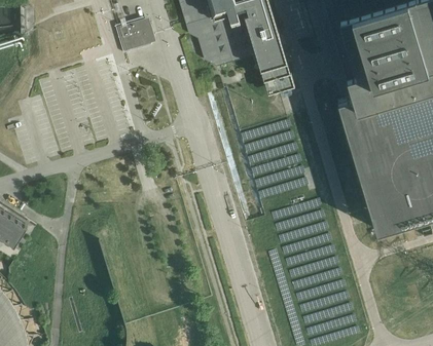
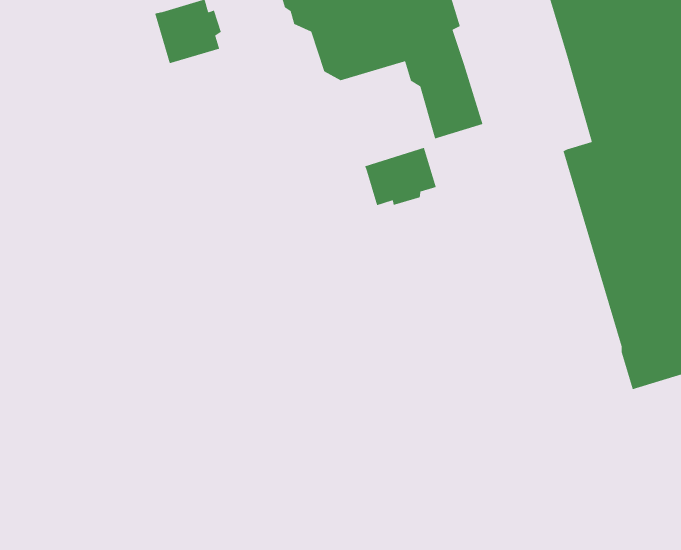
building: none -> [364,147,437,206]

